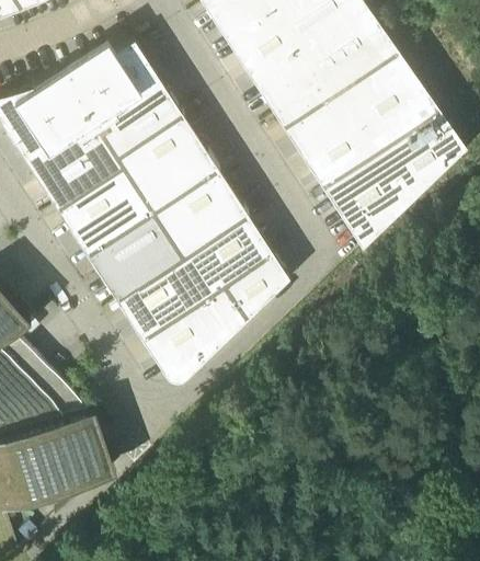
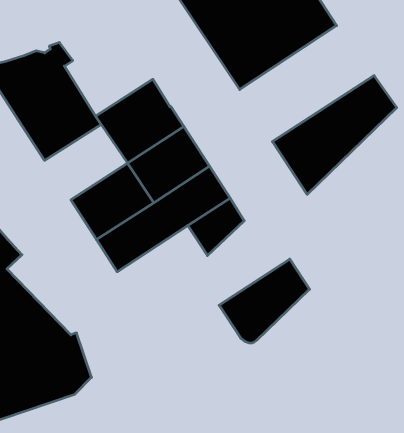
building: [73,38,182,156] -> none
building: [283,50,439,185] -> none
building: [56,165,152,253] -> none
building: [140,283,245,380] -> [219,259,310,343]

